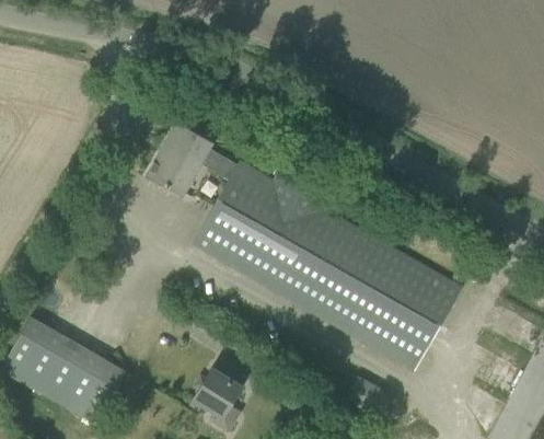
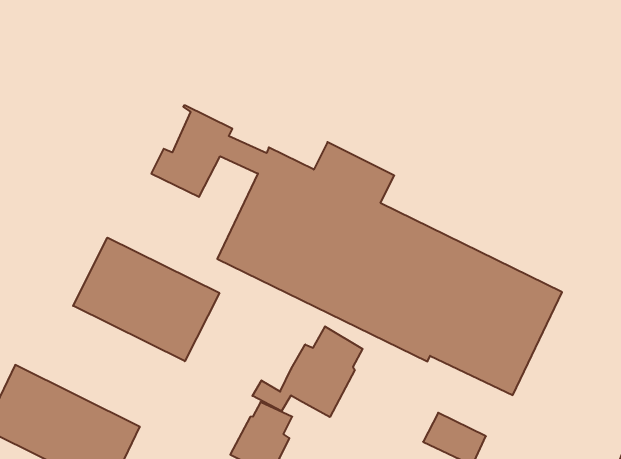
building: none -> [73,238,219,361]
building: none -> [252,326,363,417]

